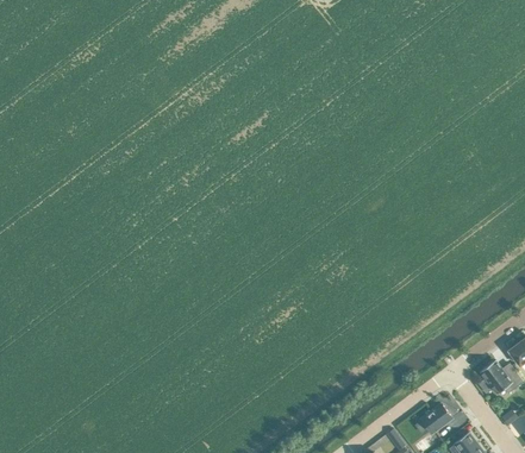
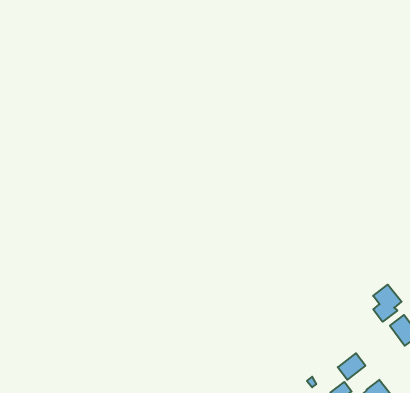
building: none -> [373,285,402,322]

